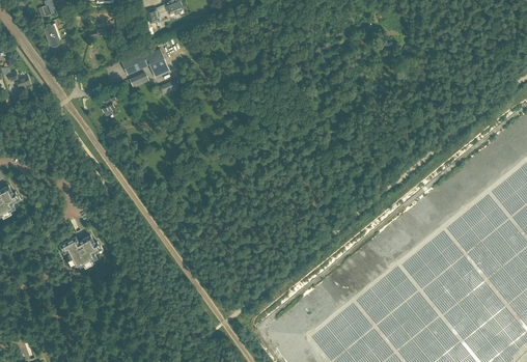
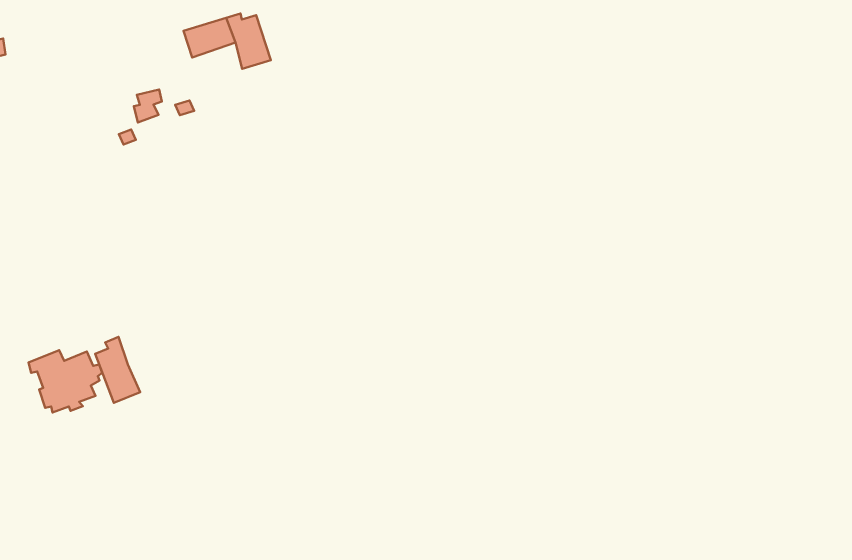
building: none -> [95,337,140,403]

